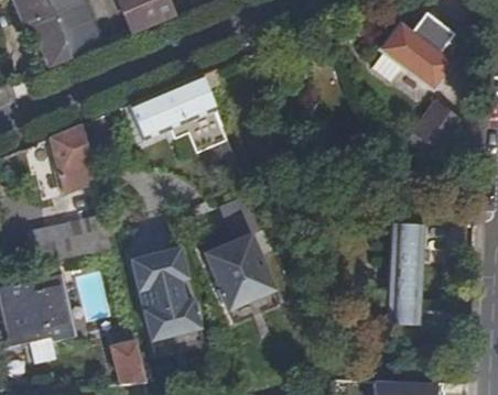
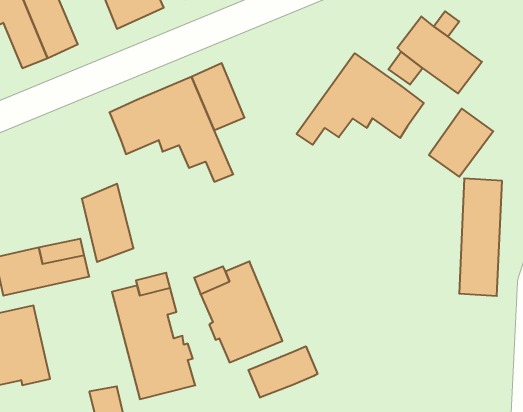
building: none -> [297,53,424,145]
building: [48,123,94,191] -> [82,184,134,262]
building: [387,221,424,323] -> [459,178,502,296]
building: none -> [248,346,317,398]

